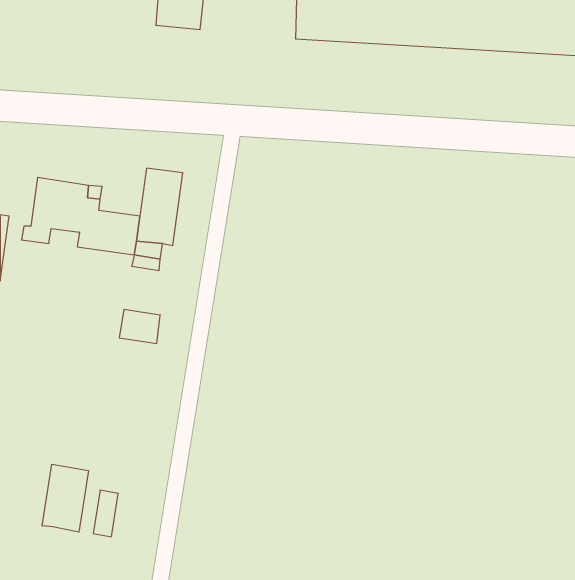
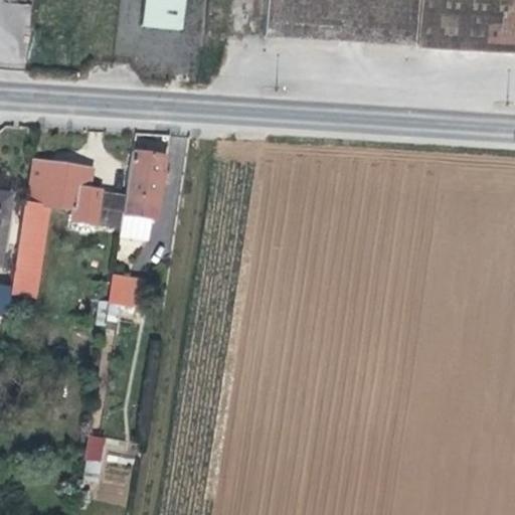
building: none -> [12,212,48,296]
building: [42,464,89,532] -> none

